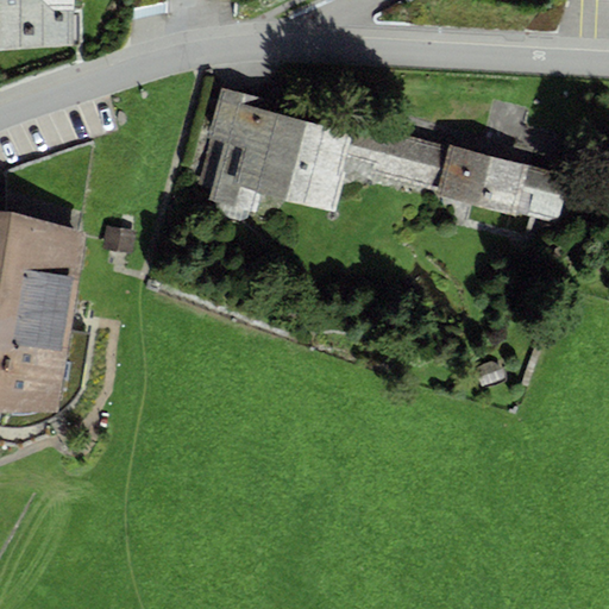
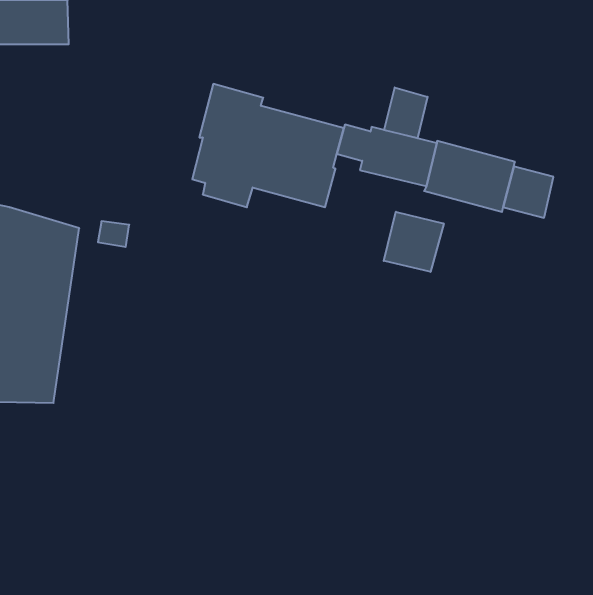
building: none -> [384,87,428,138]
building: none -> [384,212,444,272]

